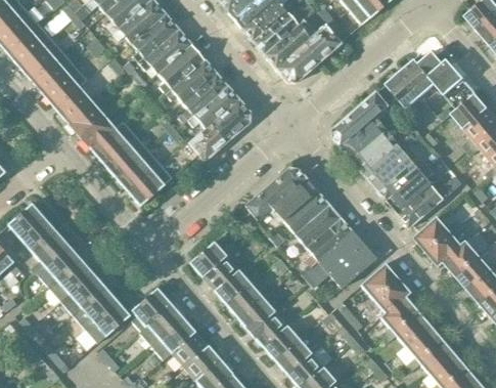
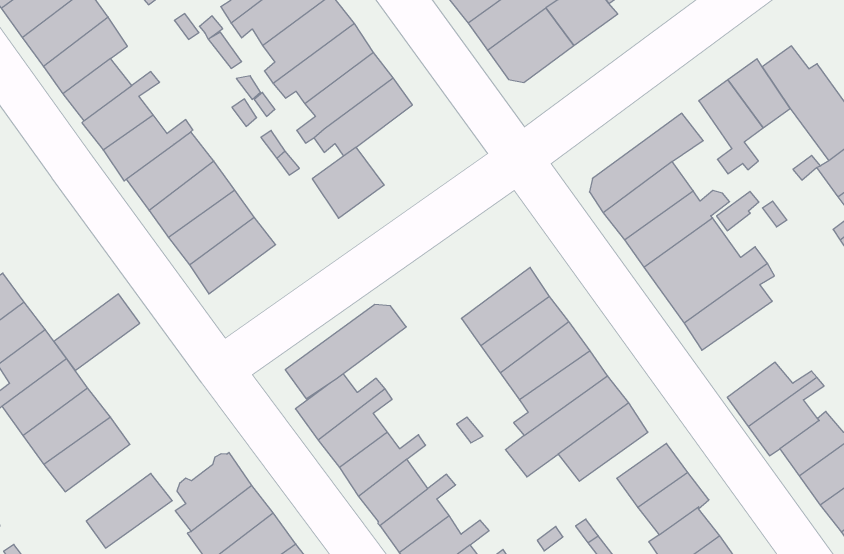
building: [211,98,251,141] -> none
building: [245,168,307,220] -> [285,305,406,399]
building: [400,176,463,227] -> none
building: [74,288,118,330] -> [54,294,140,371]

